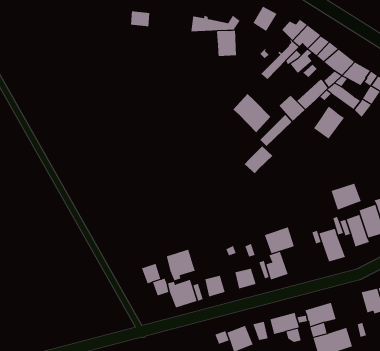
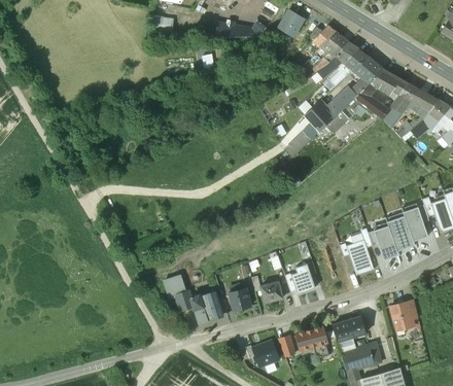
building: [216,30,236,57] -> none
building: [233,93,271,133] -> none
building: [313,106,345,140] -> none
building: [244,146,273,174] -> none
building: [331,183,361,211] -> none
building: [264,226,294,254] -> none
building: [166,249,195,281] -> none

